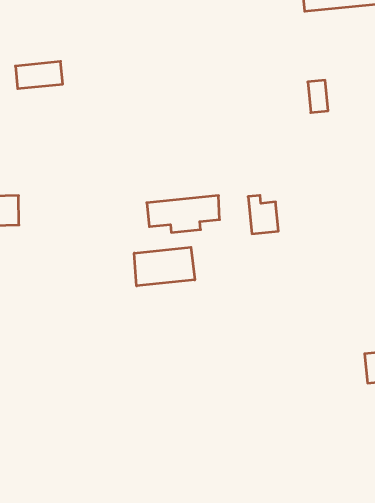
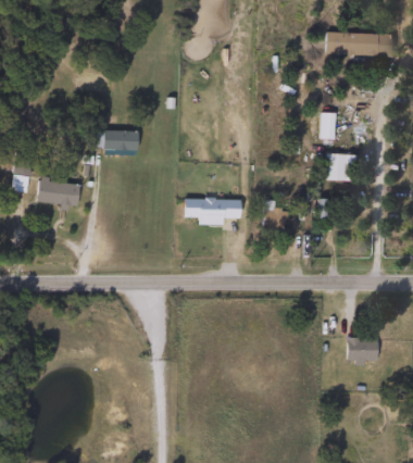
building: [15,61,63,89] -> [101,132,138,150]
building: none -> [318,154,356,179]
building: [134,247,195,286] -> none

